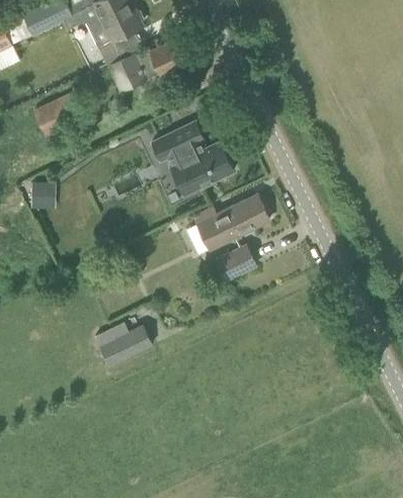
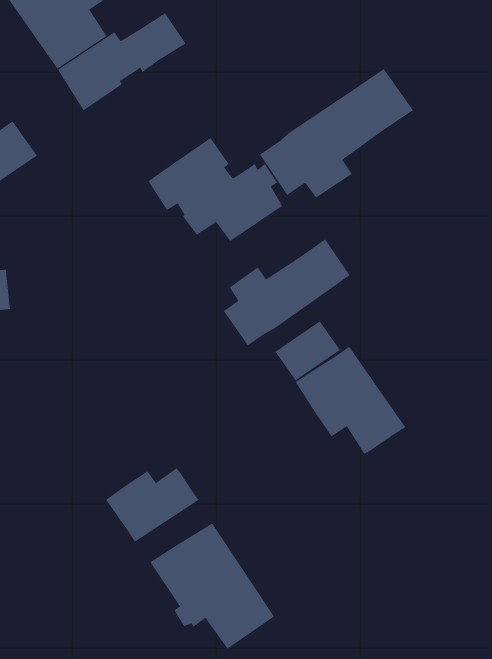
building: none -> [259,68,414,198]
building: none -> [295,346,406,454]
building: none -> [150,522,275,650]

